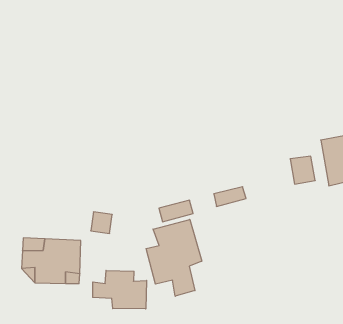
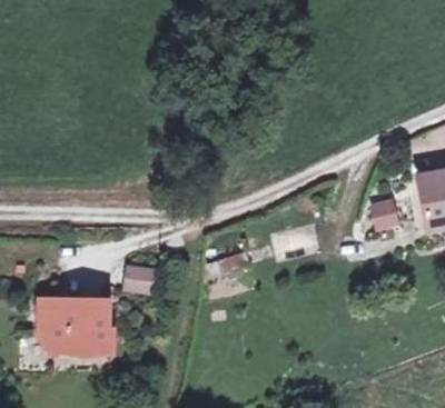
building: [146,219,202,296] -> none
building: [93,270,147,309] -> none

